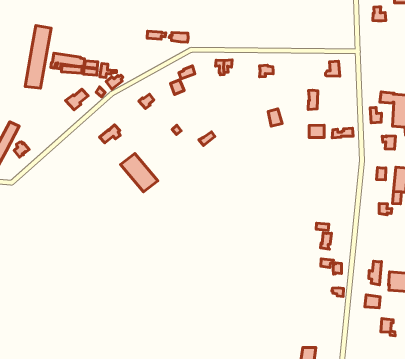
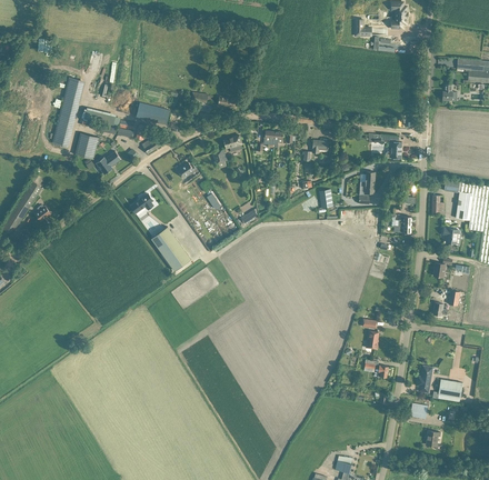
building: none -> [136,102,170,124]
building: none -> [74,132,100,159]

